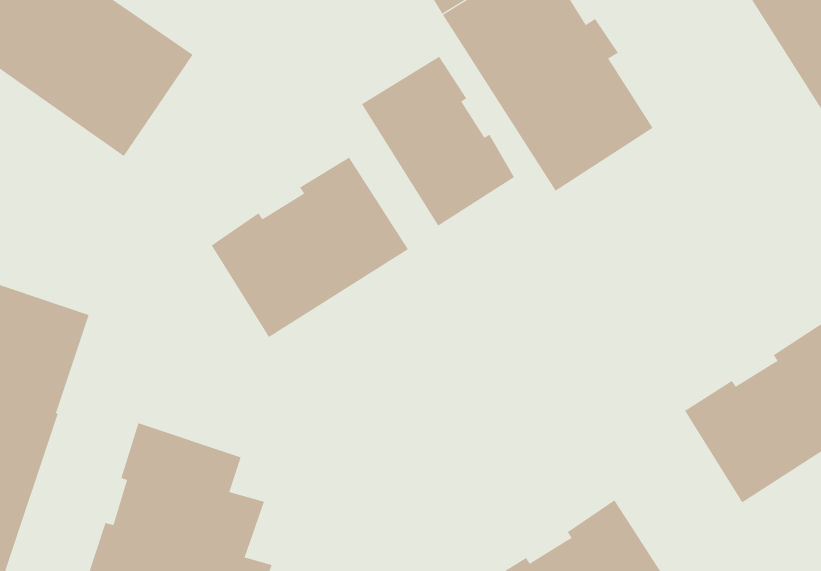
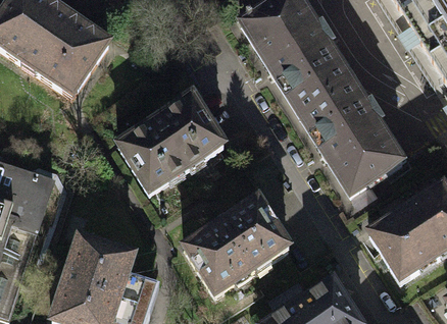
building: [361,56,515,226] -> none
building: none -> [301,79,403,192]
building: none -> [184,197,289,292]

